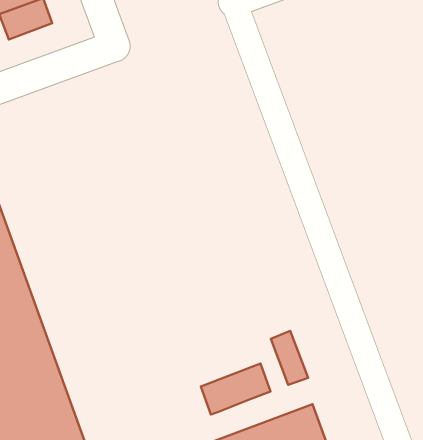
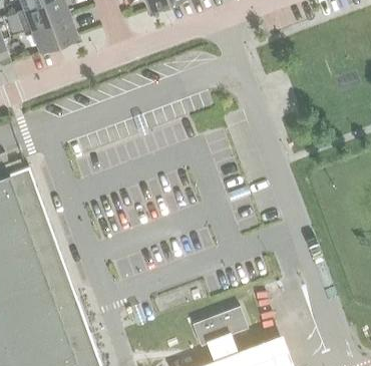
building: [271,331,308,385] -> none

